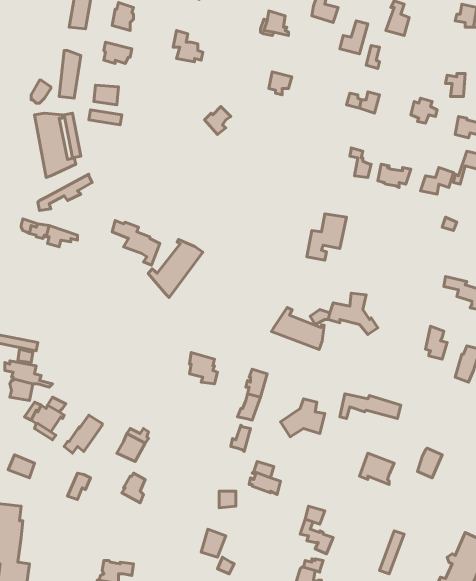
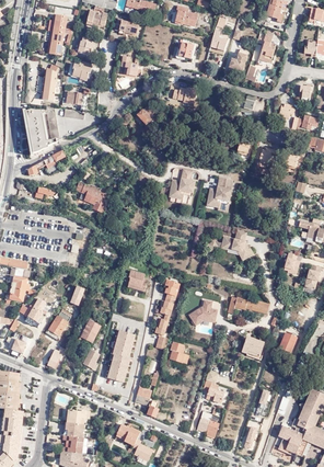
building: none -> [169,169,194,200]
building: [148,240,203,297] -> none
building: [272,308,324,349] -> none
building: none -> [107,331,132,383]

